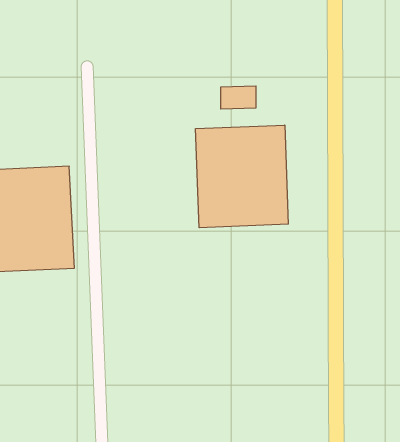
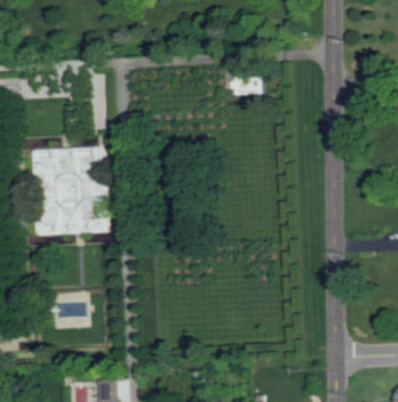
building: [196,125,288,228] -> none

